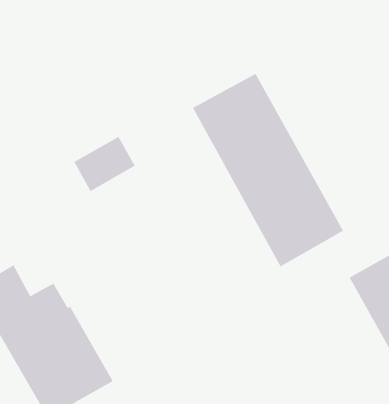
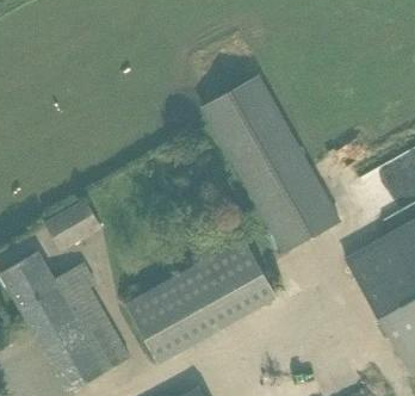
building: [74,136,136,192] -> [44,199,101,250]
building: none -> [125,237,277,365]

